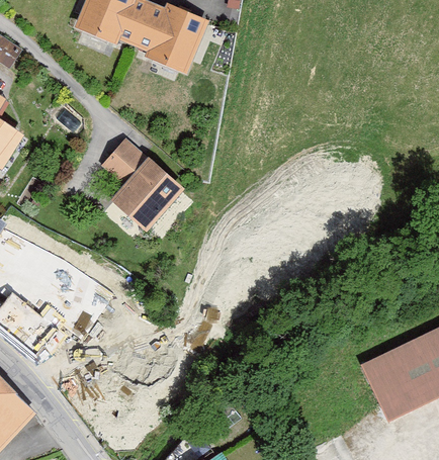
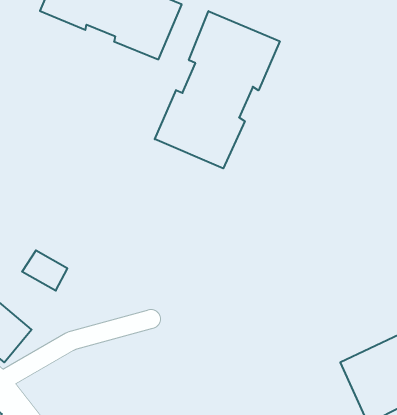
building: none -> [155,11,280,168]
building: [101,137,183,234] -> none

